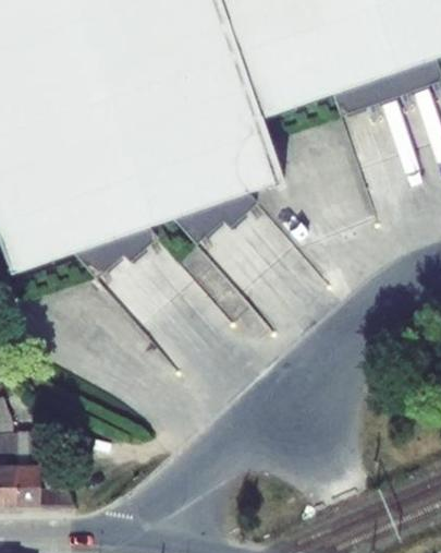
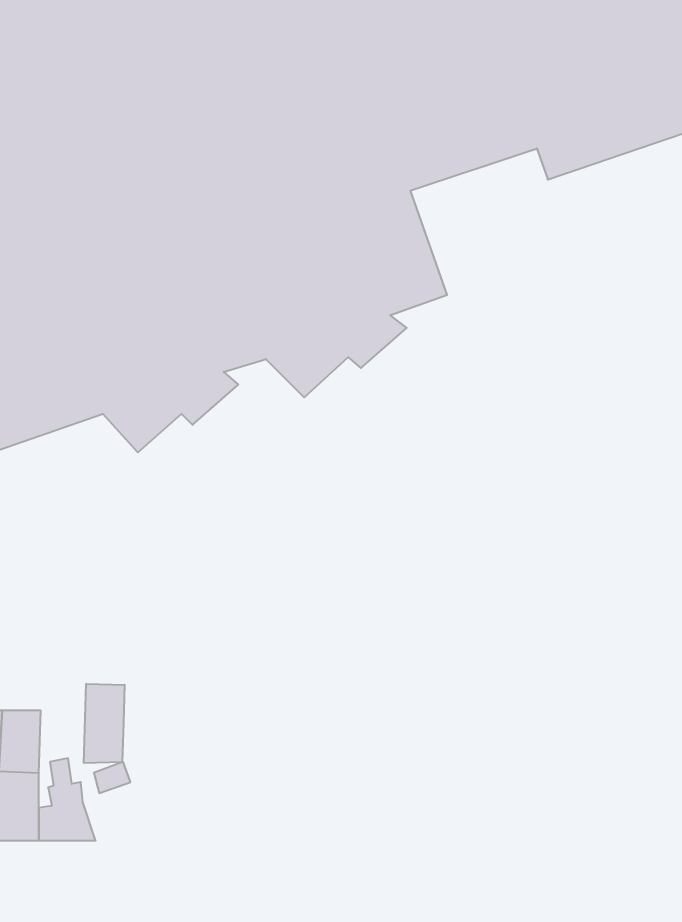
building: none -> [84,684,125,763]

